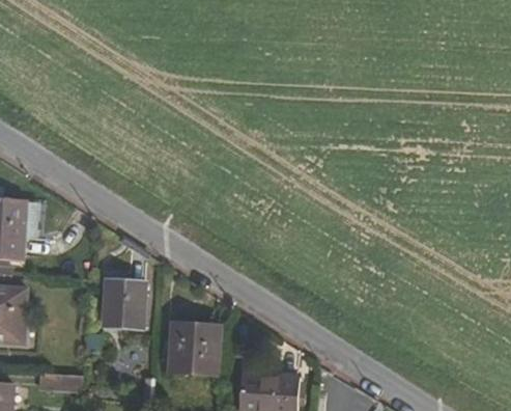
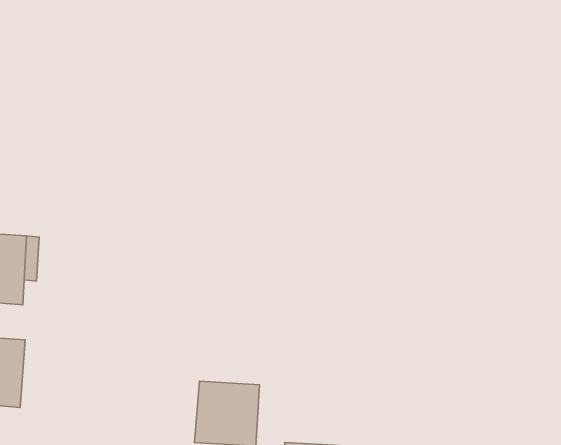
building: [103,279,146,329] -> none

